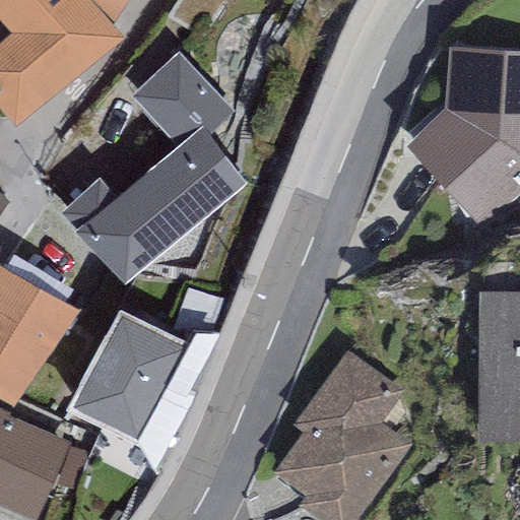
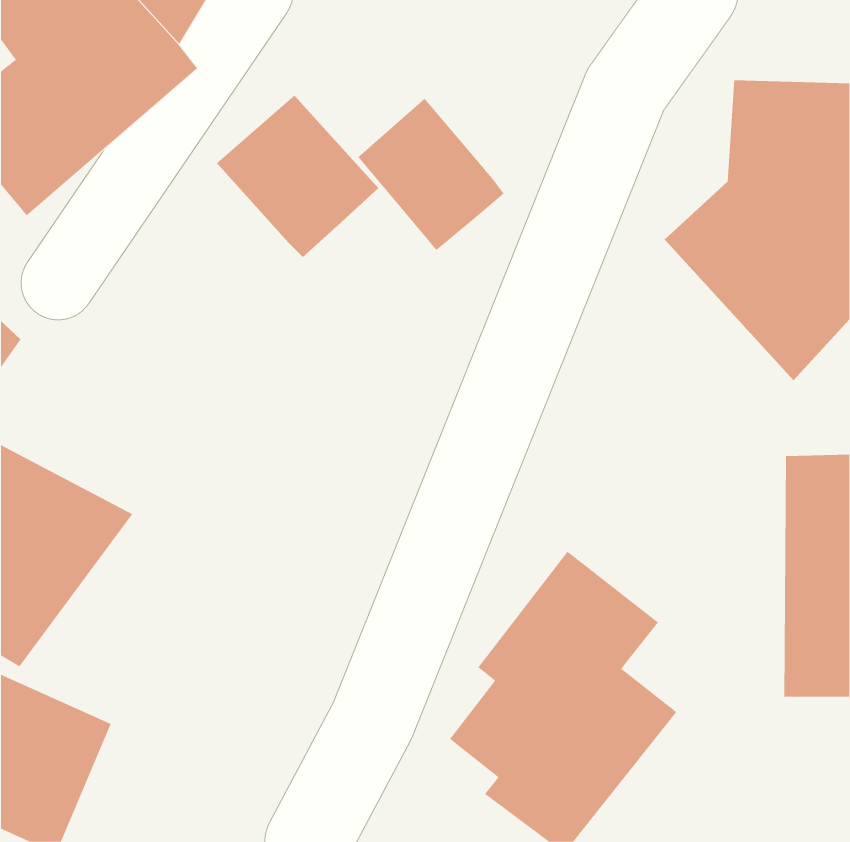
building: none -> [358,98,505,251]
building: [66,138,240,275] -> none
building: [67,316,182,443] -> none

